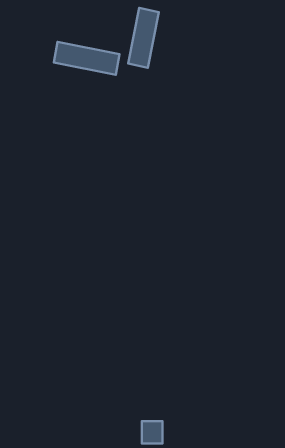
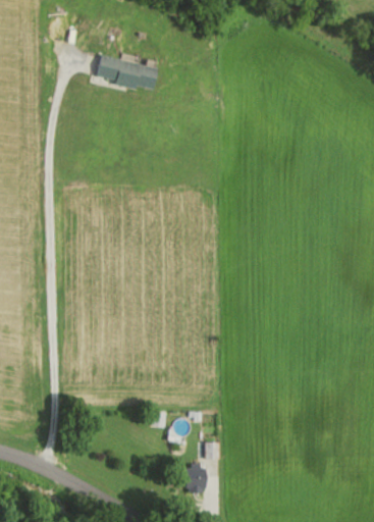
building: [128,8,159,68] -> none

